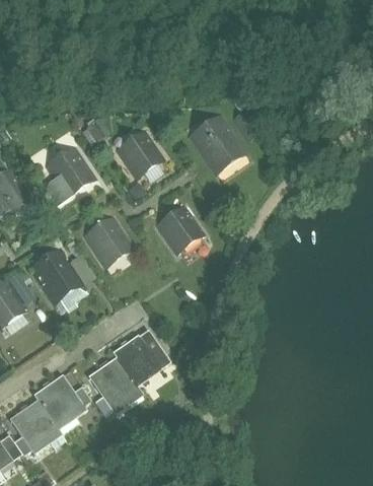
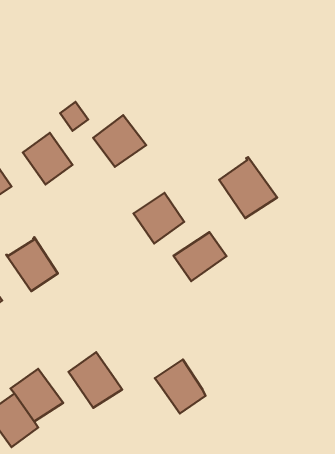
building: [190,112,246,171] -> [219,157,277,218]
building: [83,214,132,266] -> none
building: none -> [174,232,227,281]
building: [113,334,162,387] -> [155,360,206,413]

